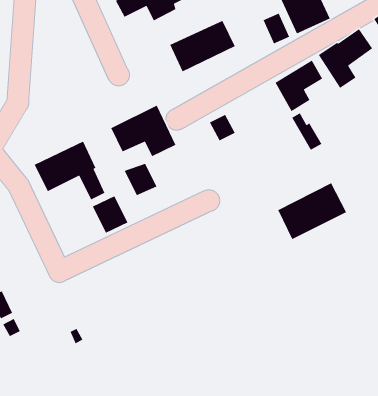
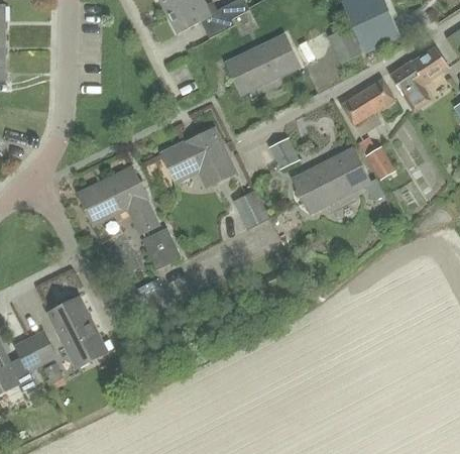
building: [123,163,158,196] -> [232,192,269,228]
building: [277,182,347,240] -> [293,148,369,212]
building: none -> [48,297,106,366]

